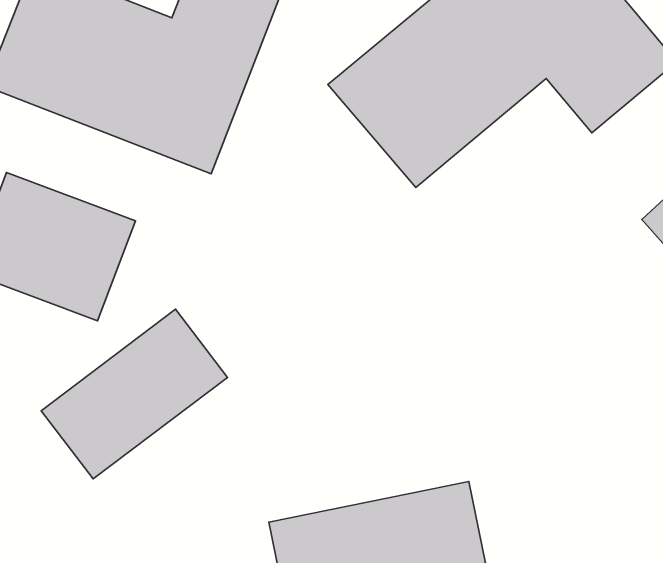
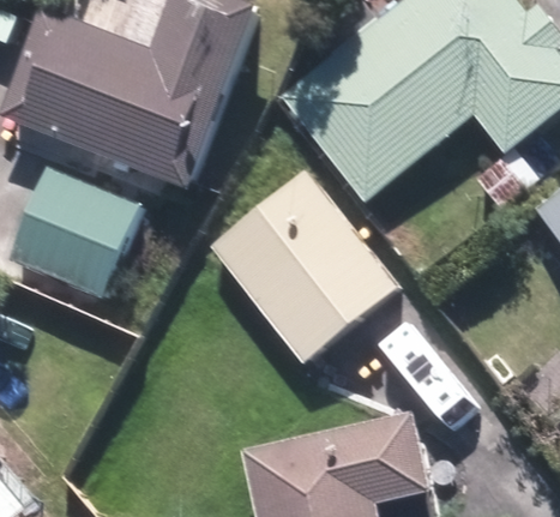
building: none -> [211,176,387,357]
building: [41,309,227,479] -> none

